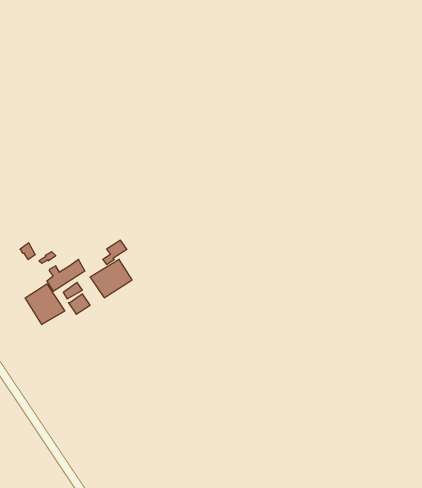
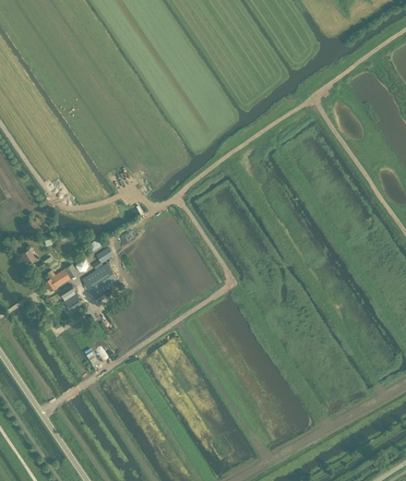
building: [25,284,65,325] -> none

